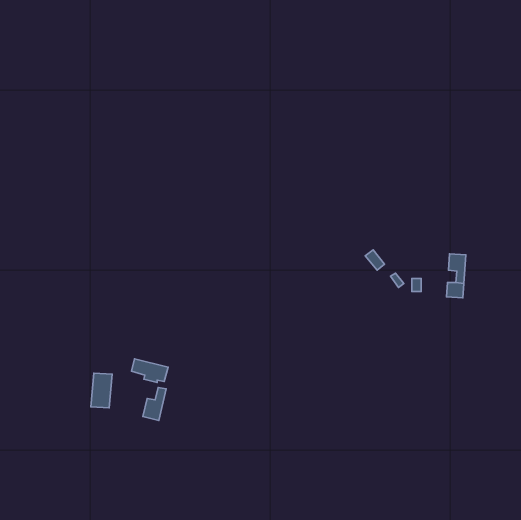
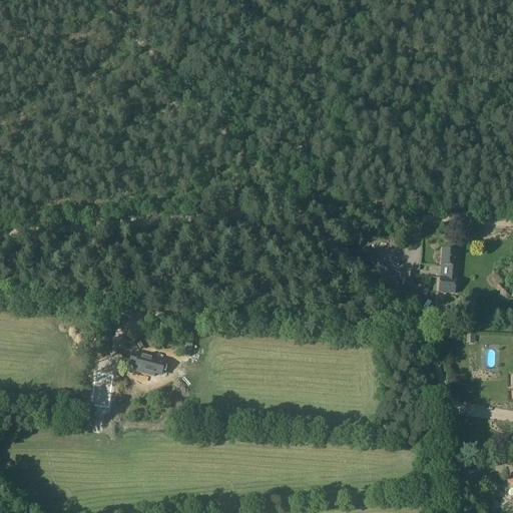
building: [143,387,166,420] -> none

